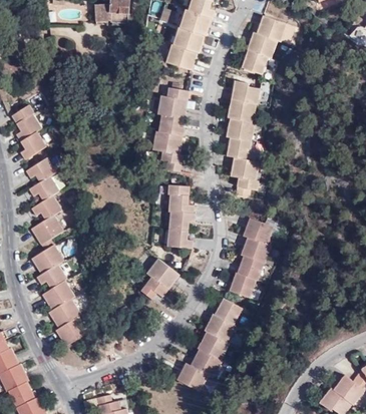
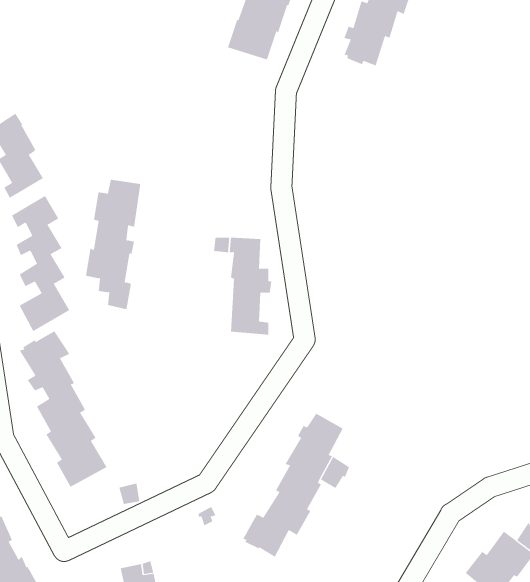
building: [225,80,260,196] -> none
building: [151,87,188,171] -> [85,179,141,310]
building: [226,217,272,298] -> none
building: [140,258,178,299] -> none

